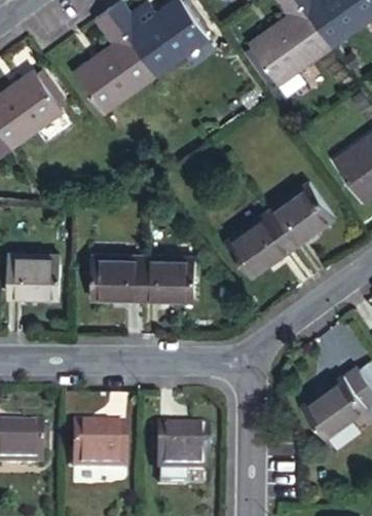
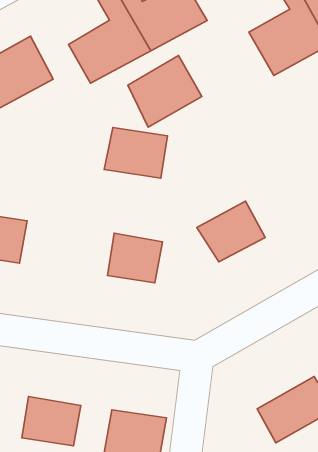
building: none -> [128,56,202,127]
building: [267,182,329,242] -> none
building: [85,256,143,299] -> [104,128,168,178]

